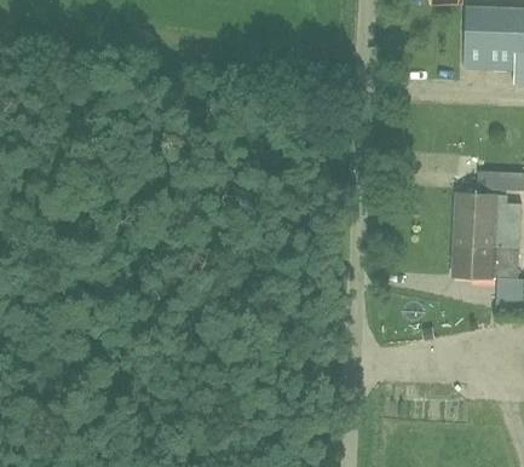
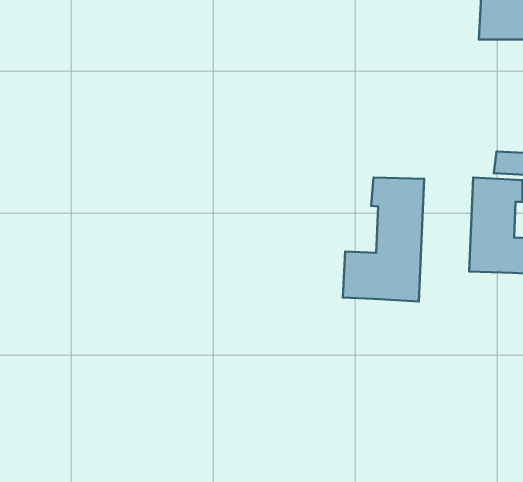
building: none -> [343,178,424,301]

